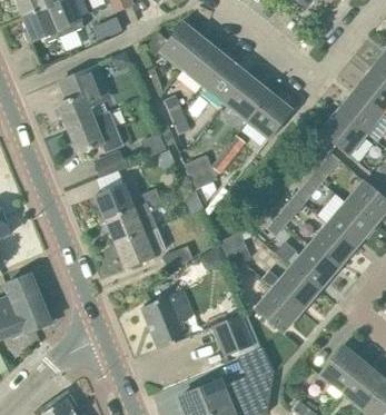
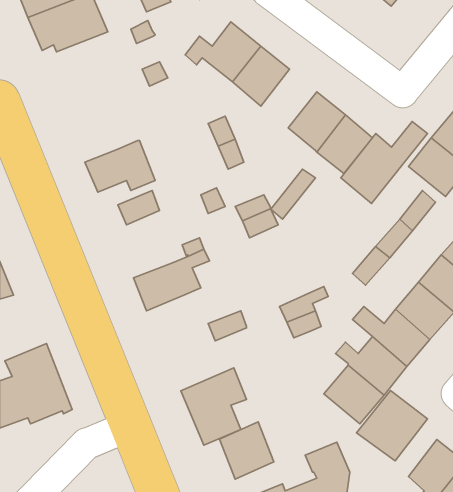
building: [205,57,248,102] -> none
building: [57,66,110,129] -> none
building: none -> [341,122,427,203]
building: [96,170,135,219] -> none
building: [116,233,155,268] -> none
building: none -> [357,390,427,461]
building: [212,313,255,357] -> [219,422,274,479]

